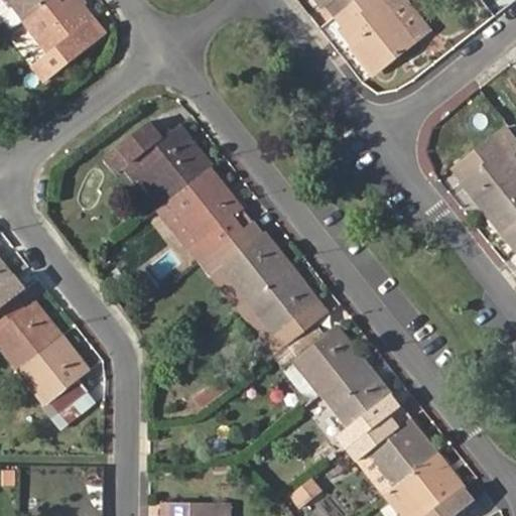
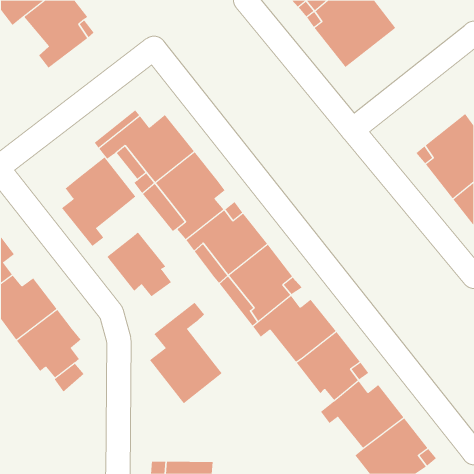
building: none -> [61,157,136,247]
building: none -> [107,231,172,297]
building: none -> [149,302,222,404]

